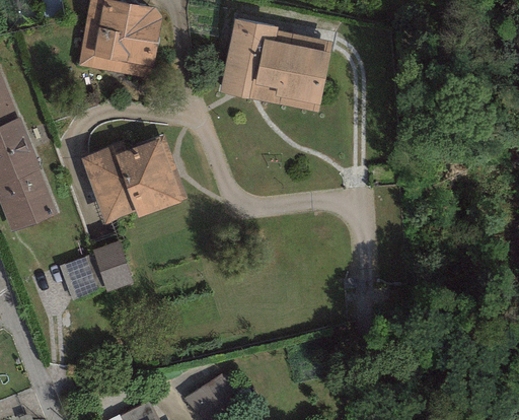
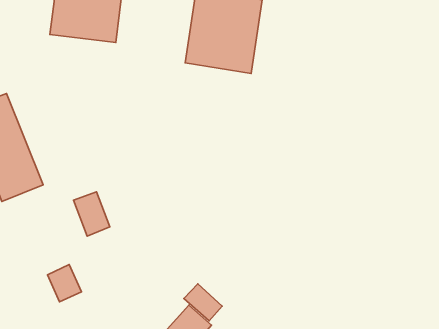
building: [80,131,184,226] -> none
building: [65,252,102,293] -> [47,265,81,302]
building: none -> [184,284,222,321]

